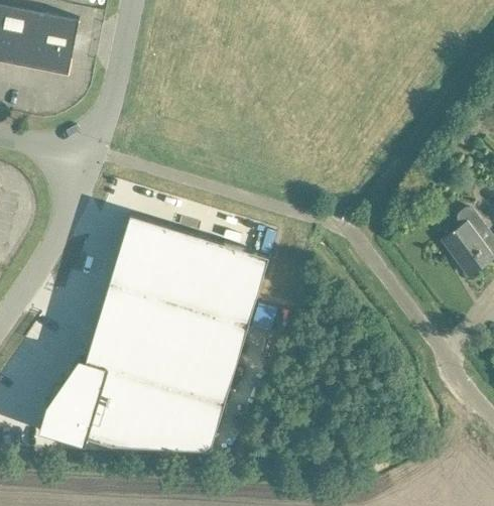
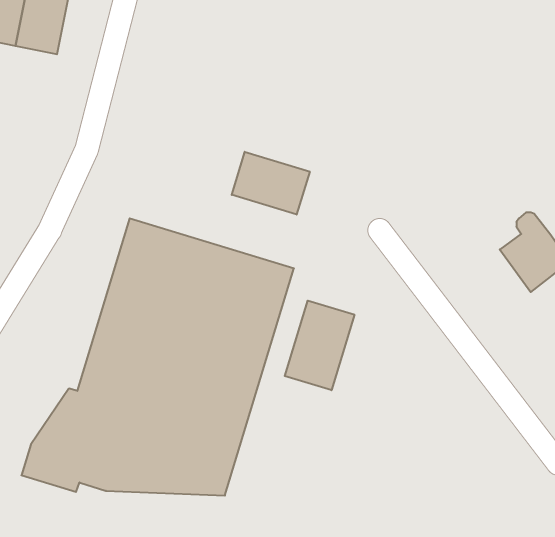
building: none -> [232,152,310,215]
building: none -> [285,301,354,390]

